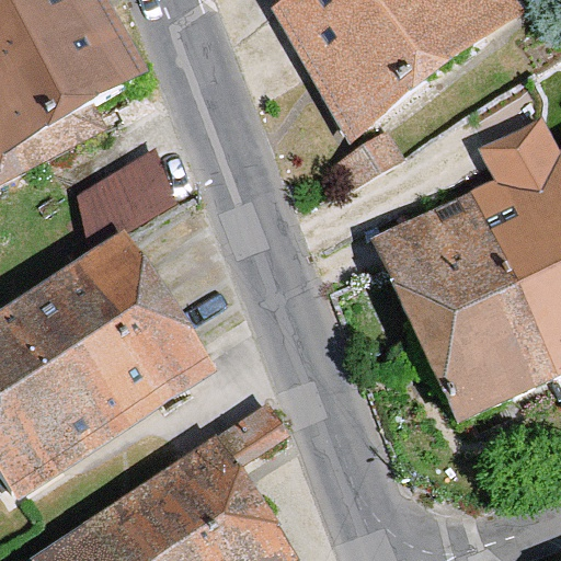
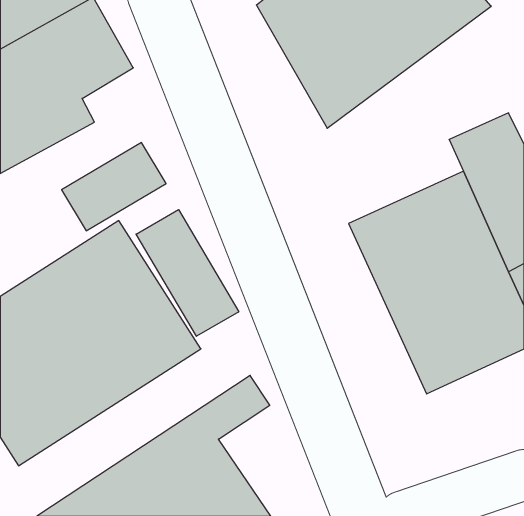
building: none -> [136,210,239,336]

